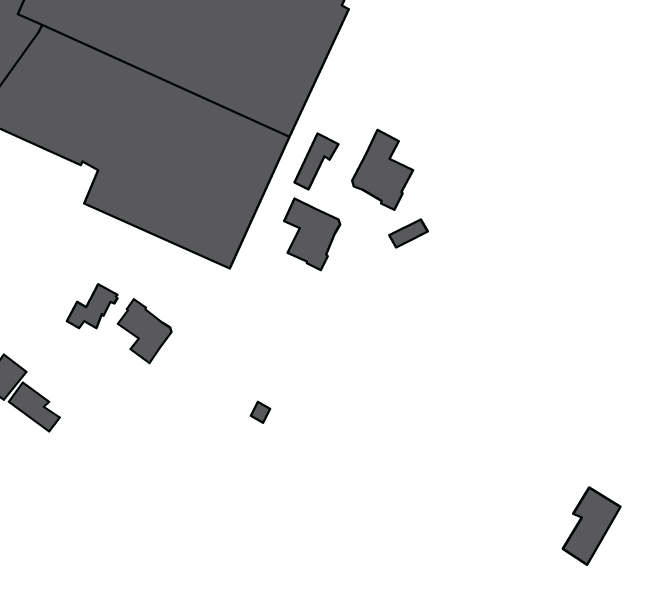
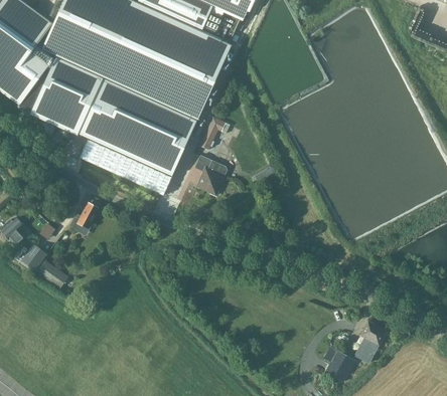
building: [352,130,413,210] -> none
building: [118,299,172,363] -> none
building: none -> [325,350,354,381]

